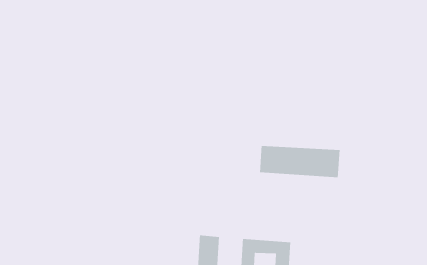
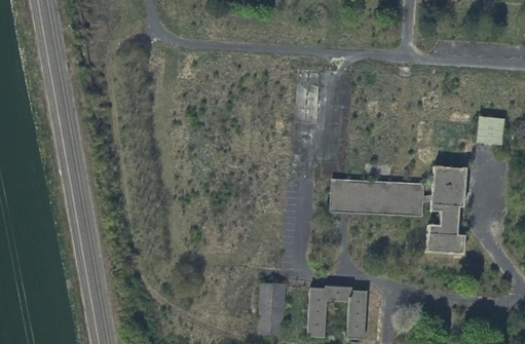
building: none -> [476,115,504,144]
building: none -> [425,167,465,257]

